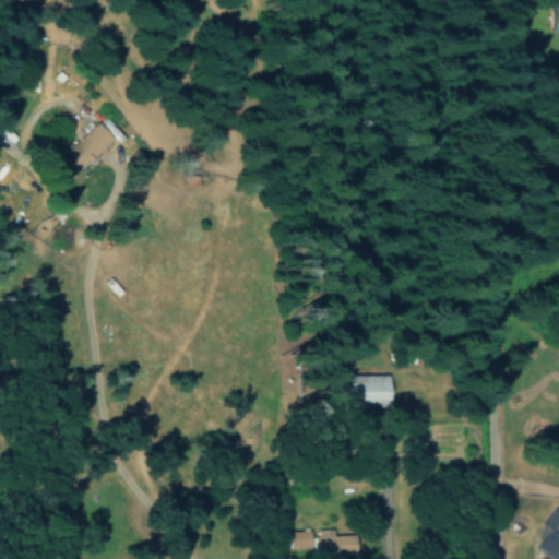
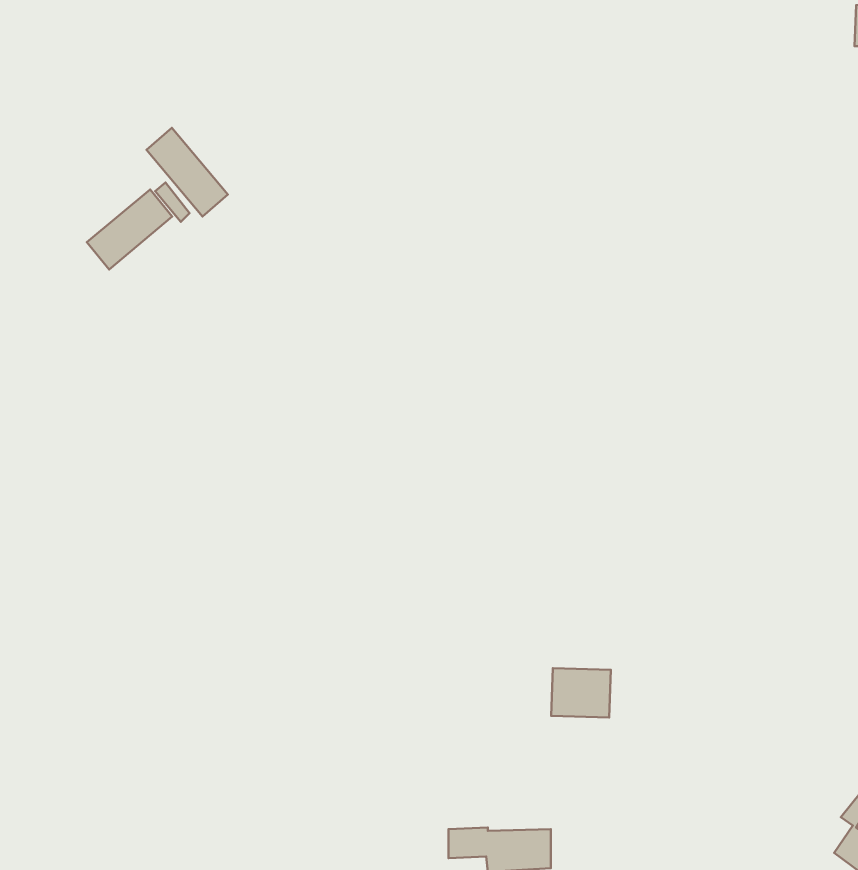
building: none -> [147,128,228,216]
building: [355,374,393,406] -> [551,668,611,718]

